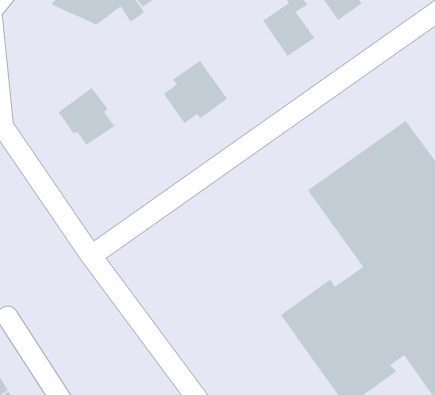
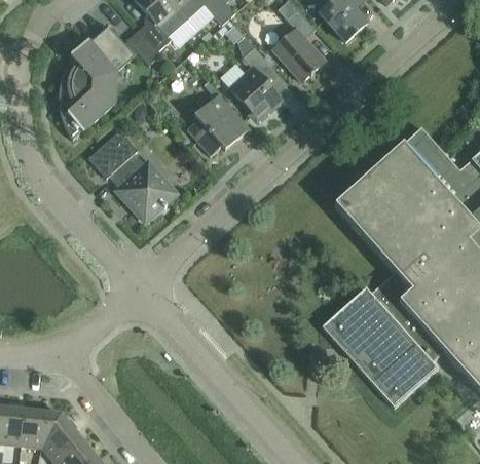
building: none -> [59,56,117,139]
building: none -> [222,46,282,119]
building: none -> [118,161,176,220]

